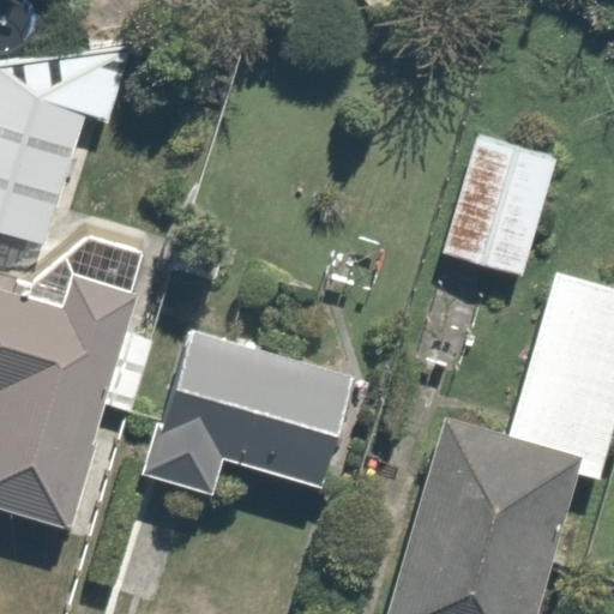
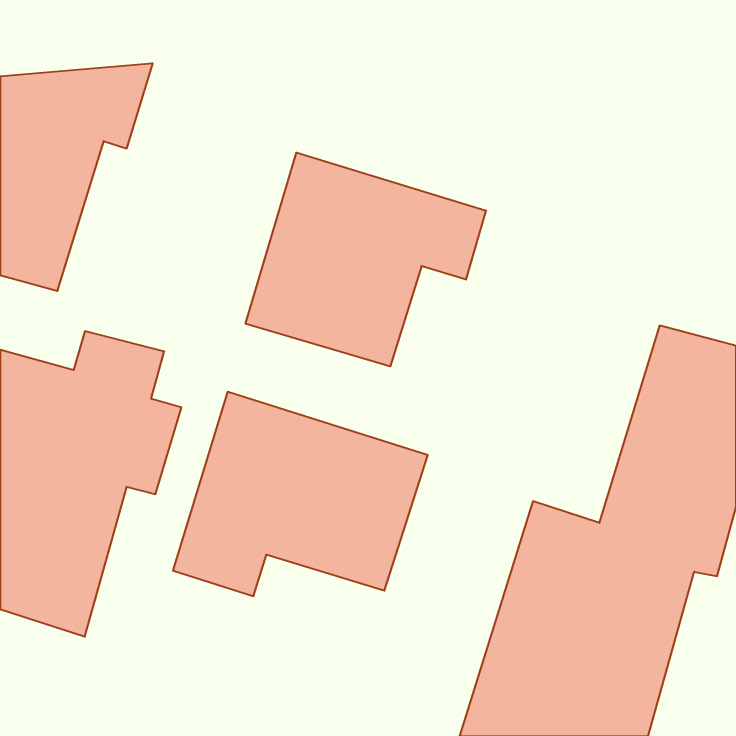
building: none -> [246,153,486,366]
building: [443,137,554,275] -> none

